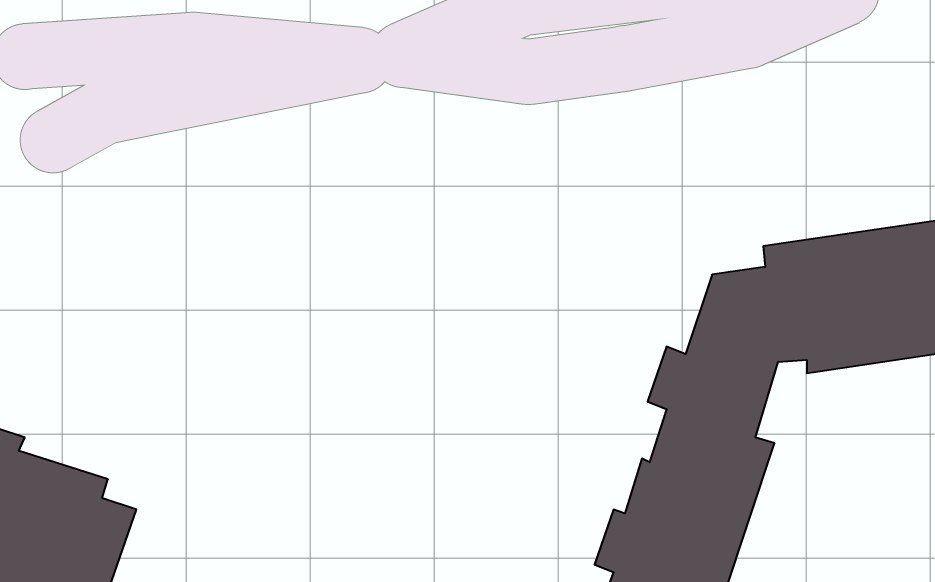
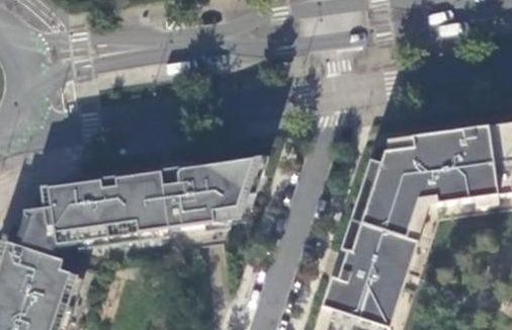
building: none -> [170,156,268,227]
building: none -> [38,171,168,244]

